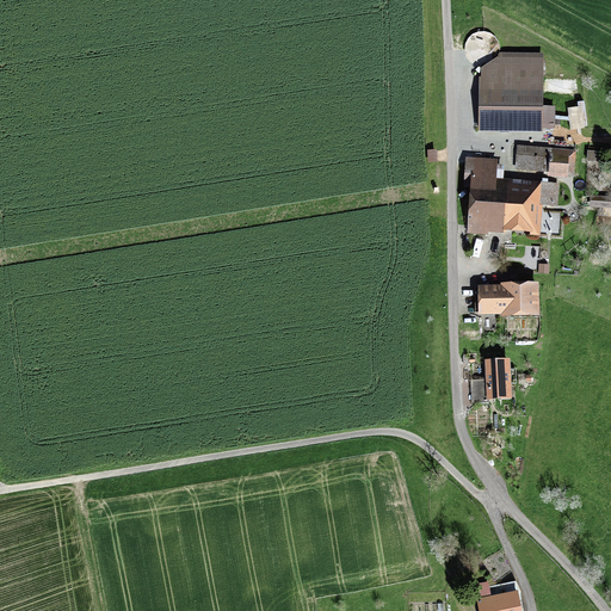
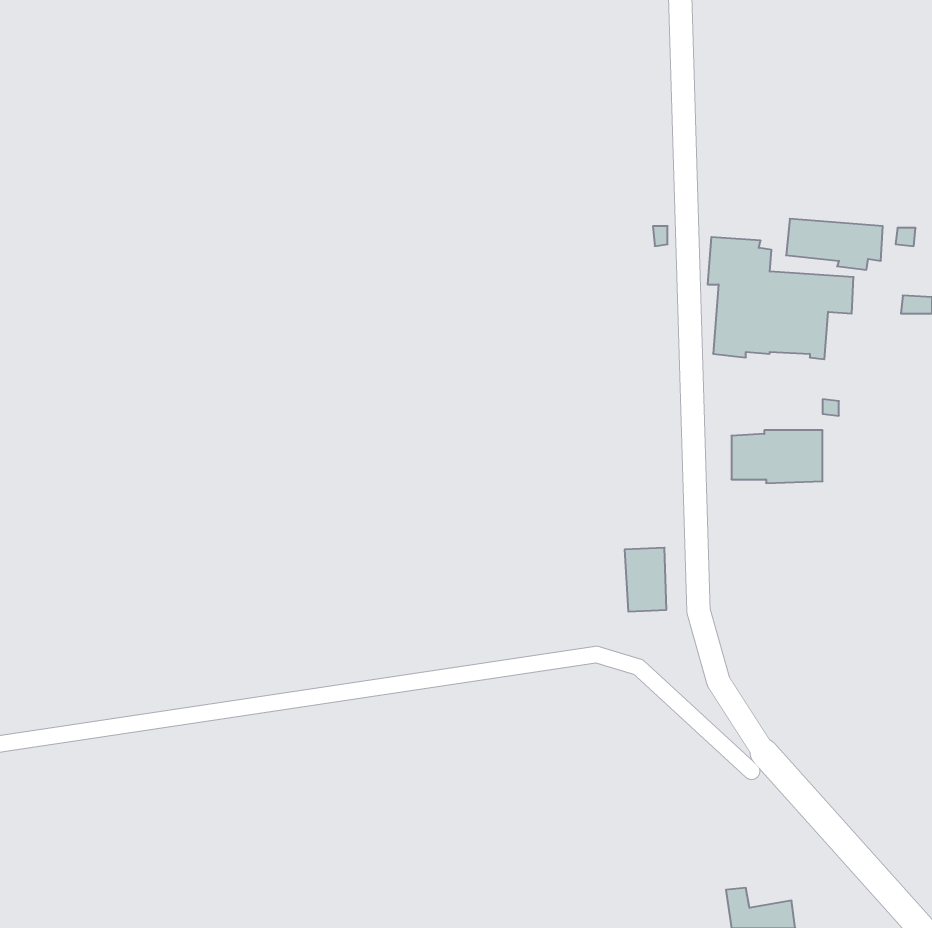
building: [479,51,555,131] -> none
building: [485,358,512,400] -> [625,548,666,612]

